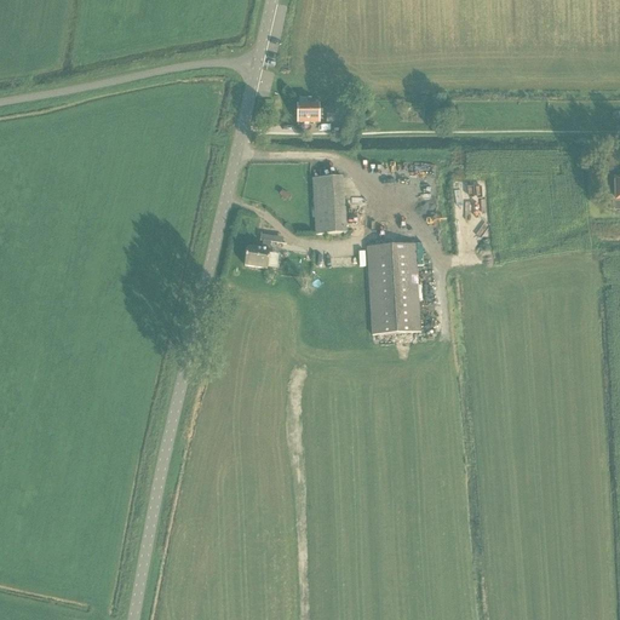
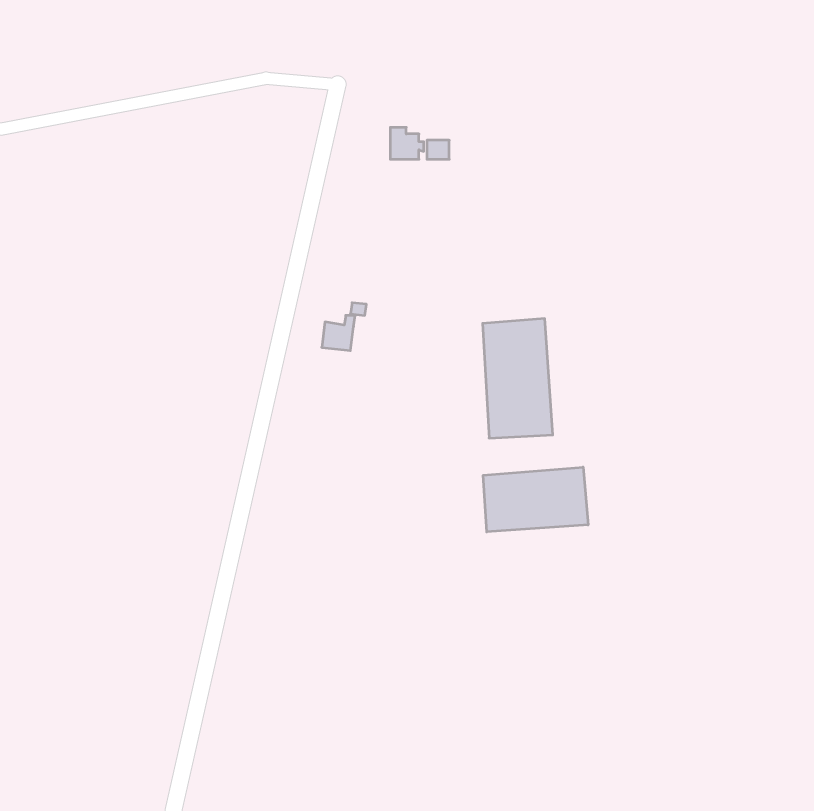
building: [312,174,344,232] -> none
building: none -> [483,467,588,532]

